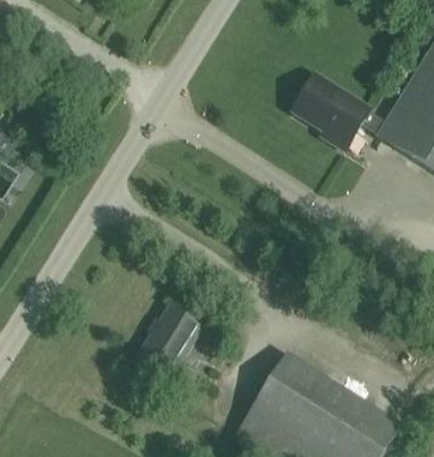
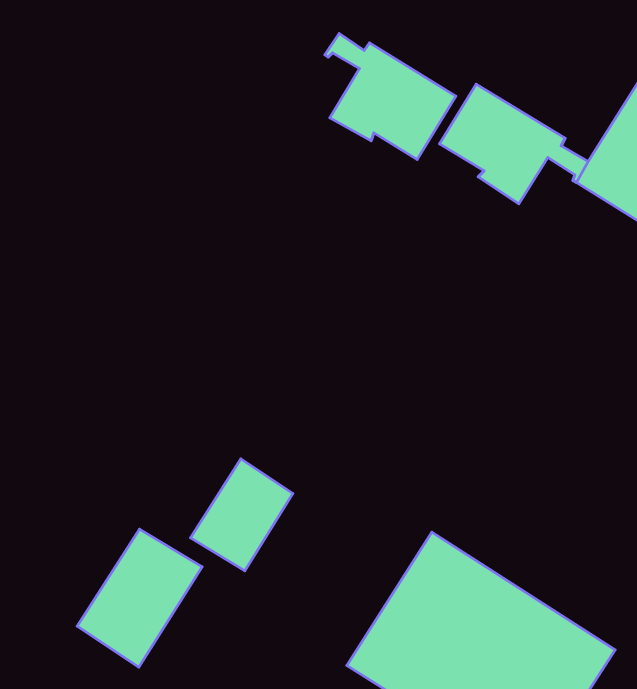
building: none -> [325,34,456,159]
building: none -> [77,529,202,667]

